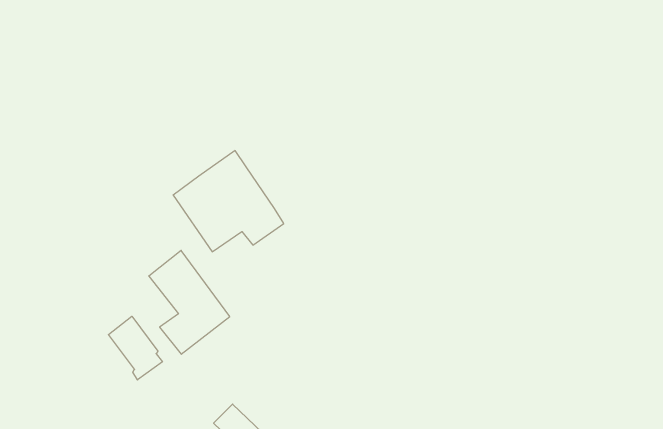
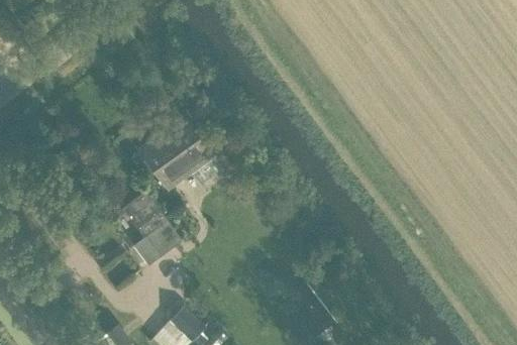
building: [108,316,162,380] -> none

